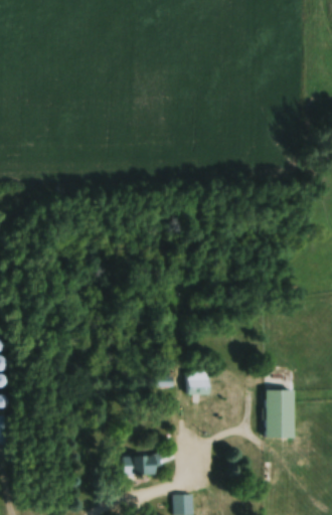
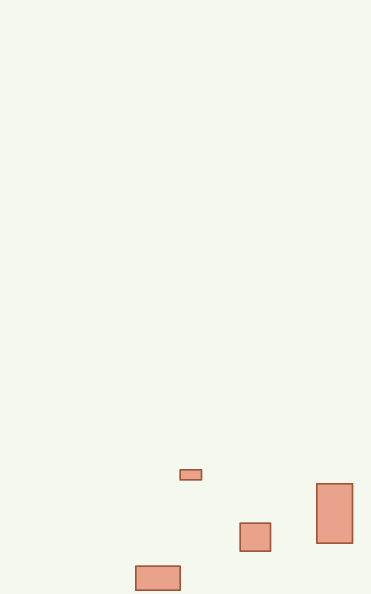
building: [185,373,209,395] -> [240,523,271,551]

